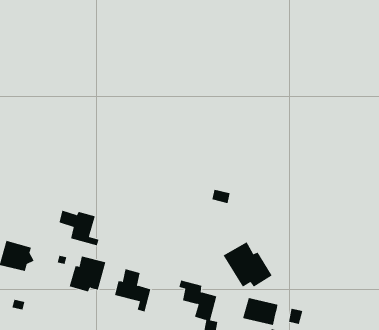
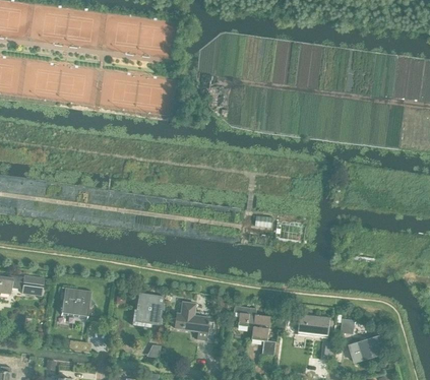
building: [59,210,99,246] -> none
building: [223,241,272,287] -> none

